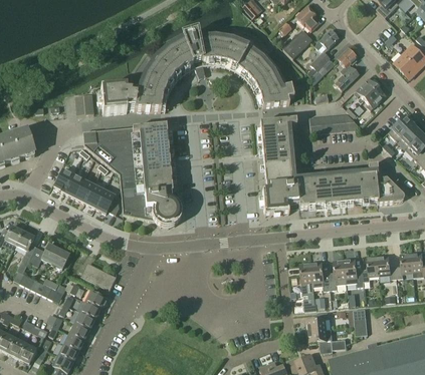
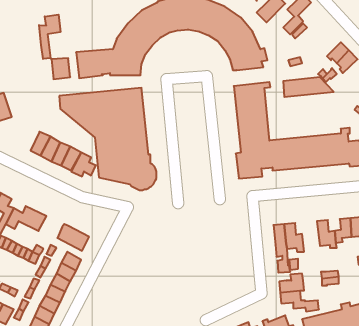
building: [335,47,358,90] -> none
building: none -> [39,15,60,59]
building: [329,259,347,290] -> none

